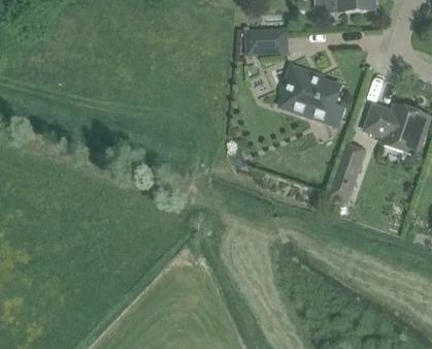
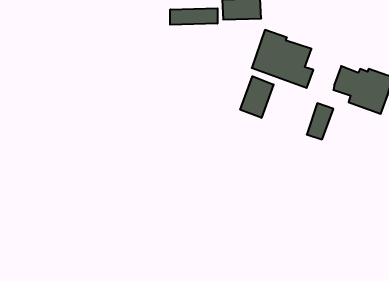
building: none -> [170,8,218,25]
building: none -> [240,76,274,118]

